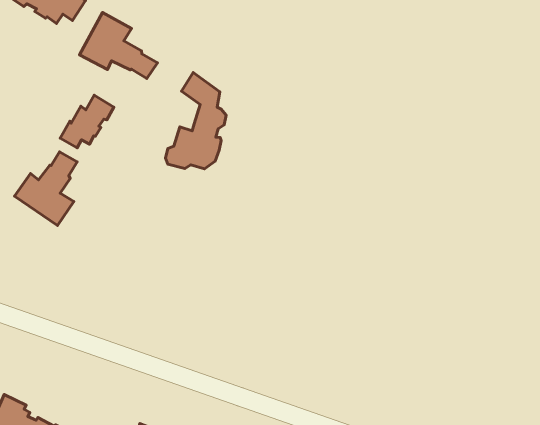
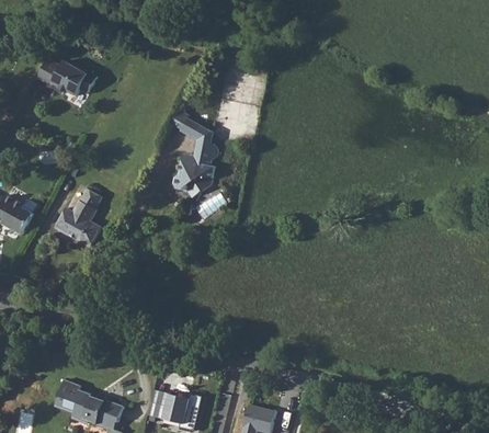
building: [80,13,157,79] -> none
building: [60,95,114,148] -> none

